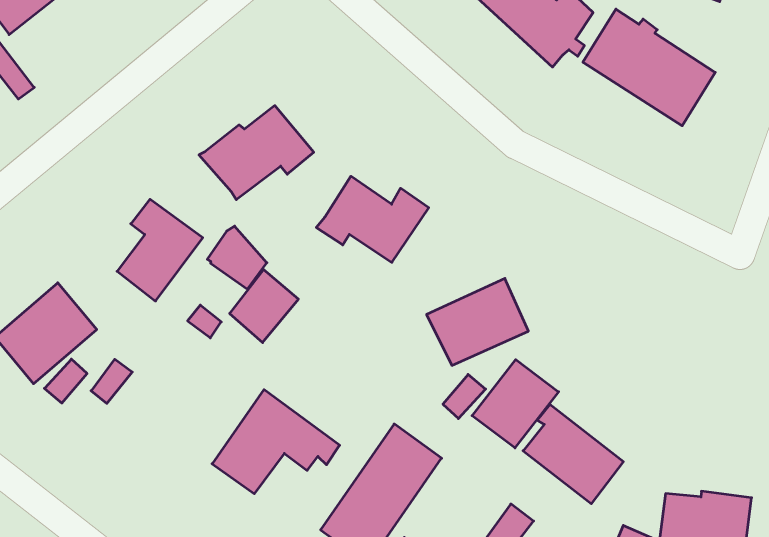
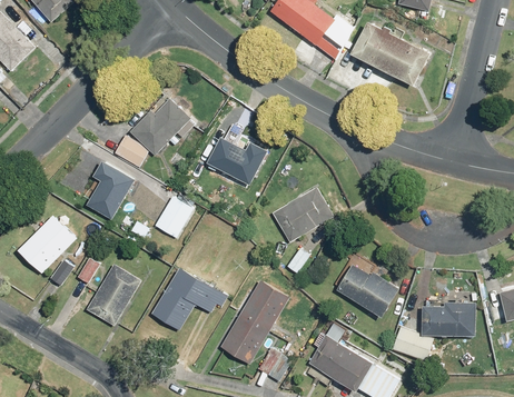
building: [207,226,267,289] -> [113,130,149,167]
building: [472,360,559,448] -> none
building: none -> [86,262,141,326]

